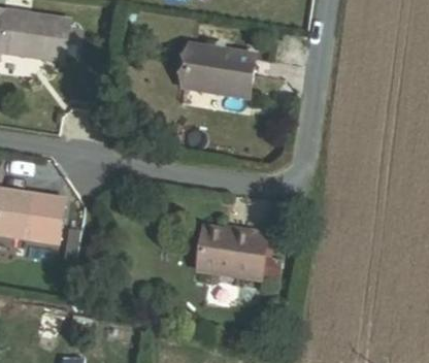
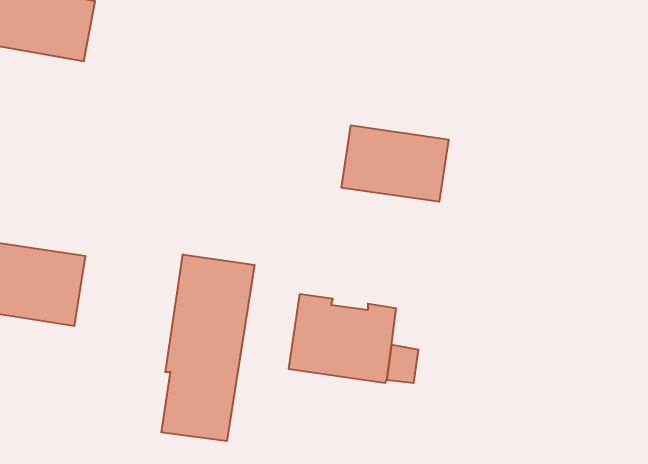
building: [184,50,254,99] -> [341,126,449,202]
building: none -> [161,254,255,441]

